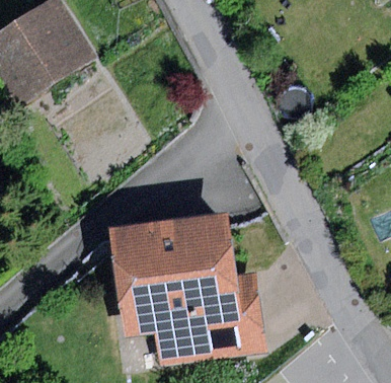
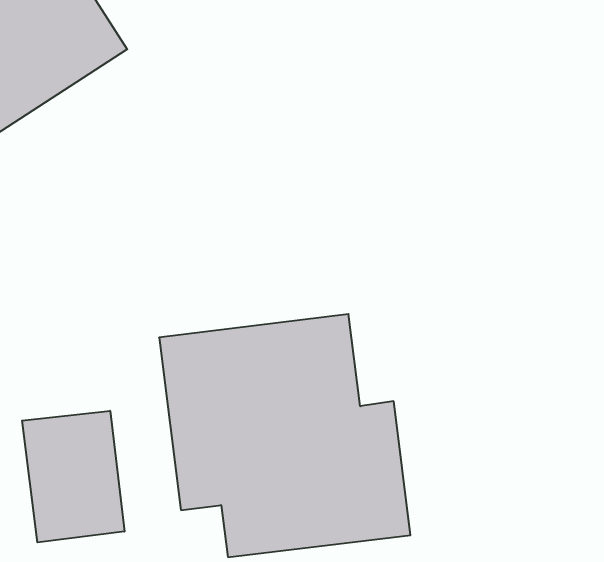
building: none -> [22,411,124,542]

